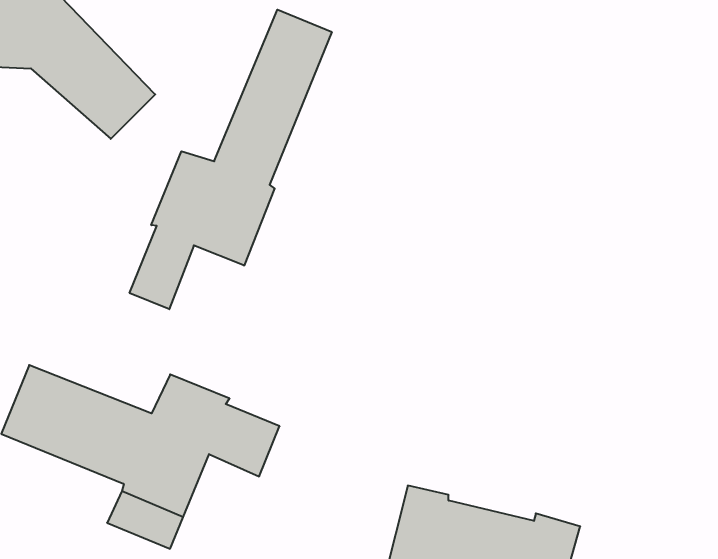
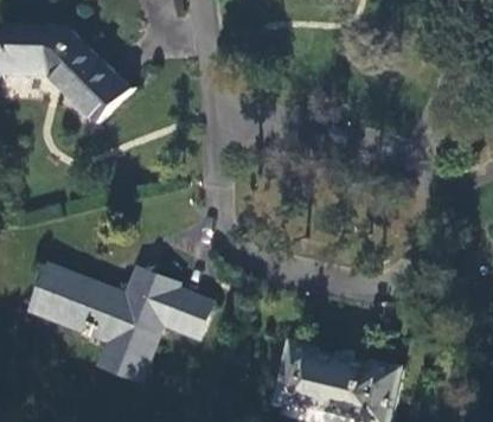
building: [130,10,332,309] -> none

